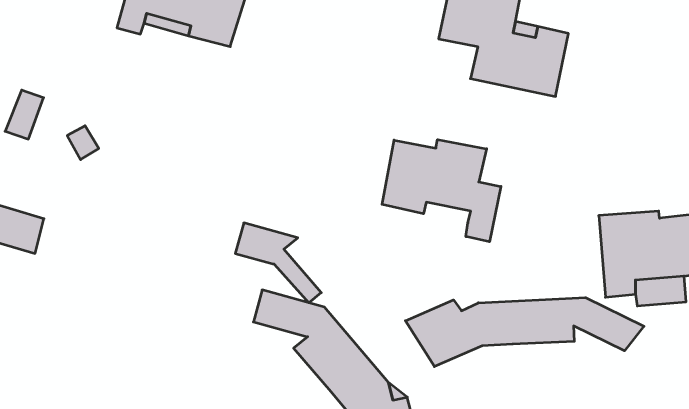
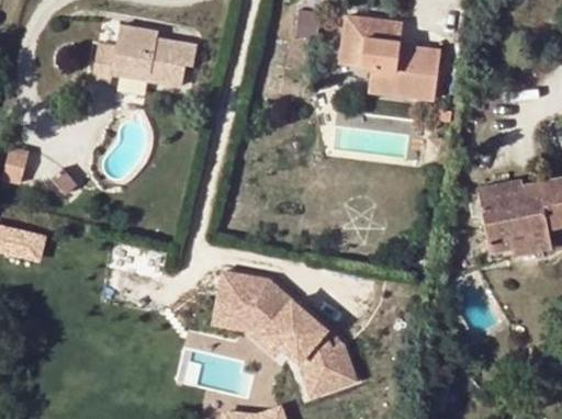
building: [382,140,501,242] -> none
building: [235,223,321,303] -> [214,296,283,353]
building: [405,298,644,367] -> none

